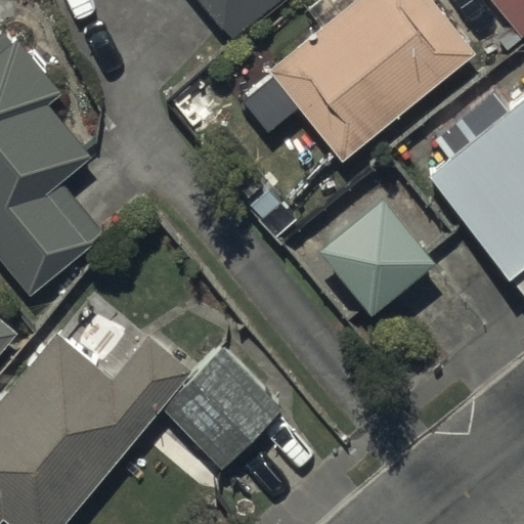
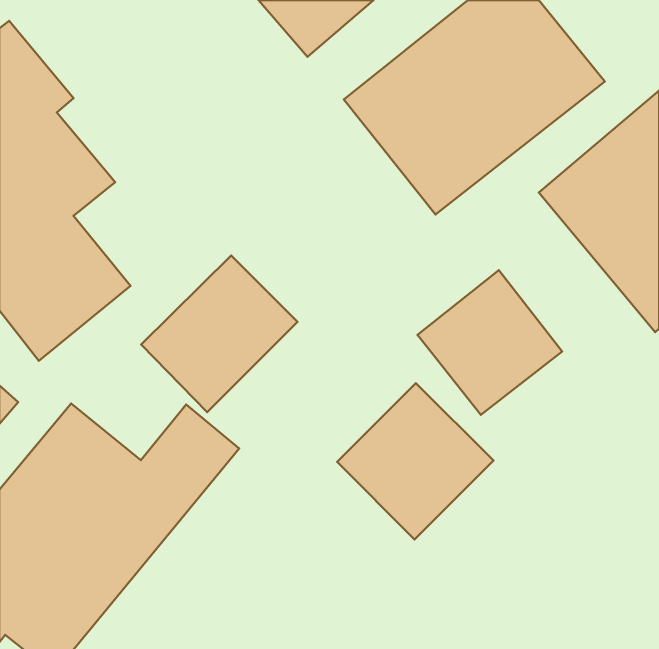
building: none -> [141,255,298,412]
building: [160,343,283,467] -> [337,383,493,540]

